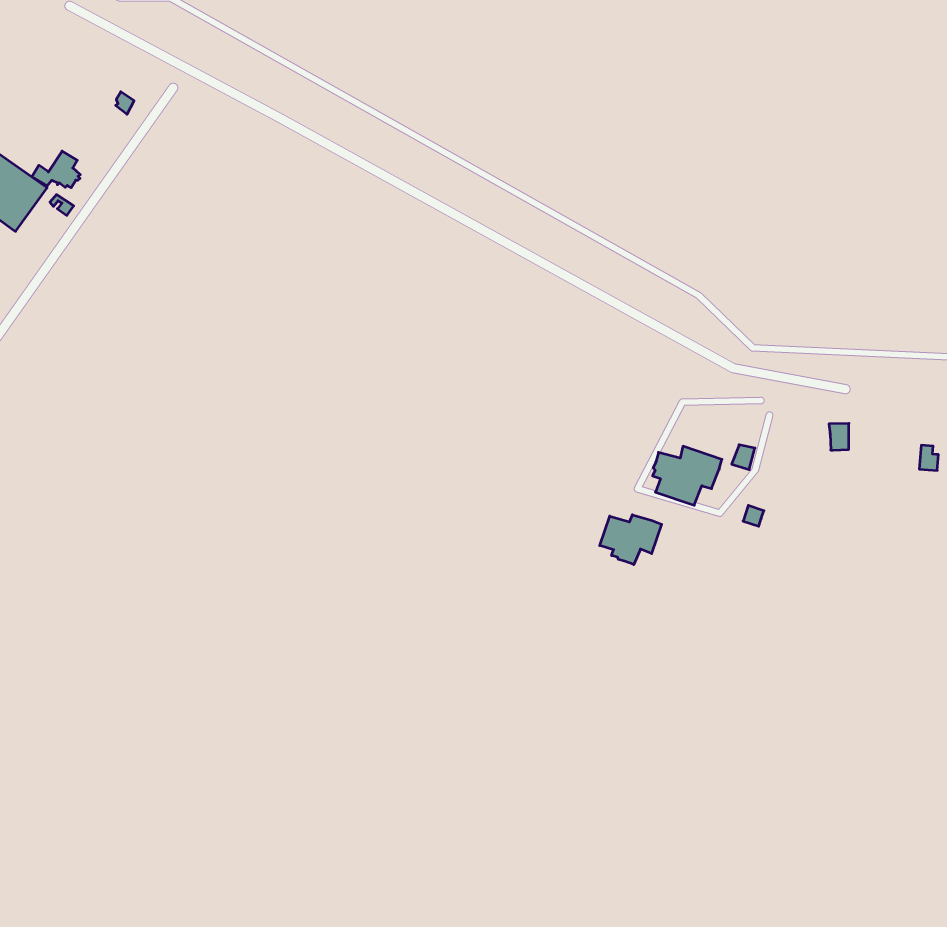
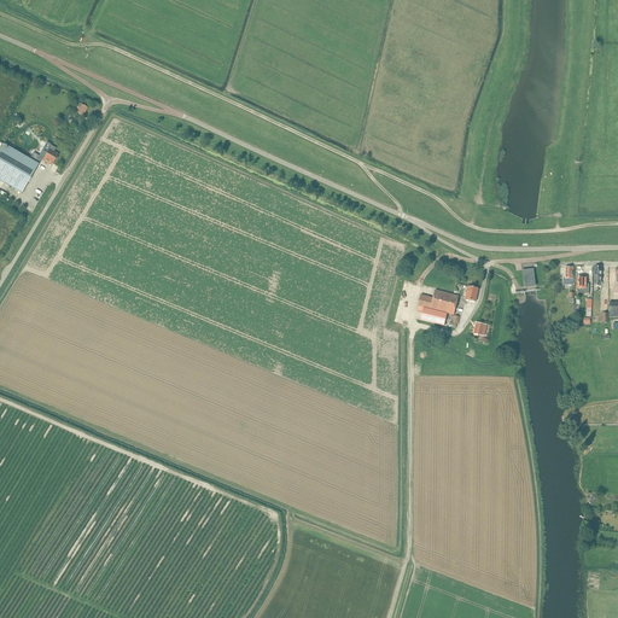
building: [600,515,662,565] -> none

